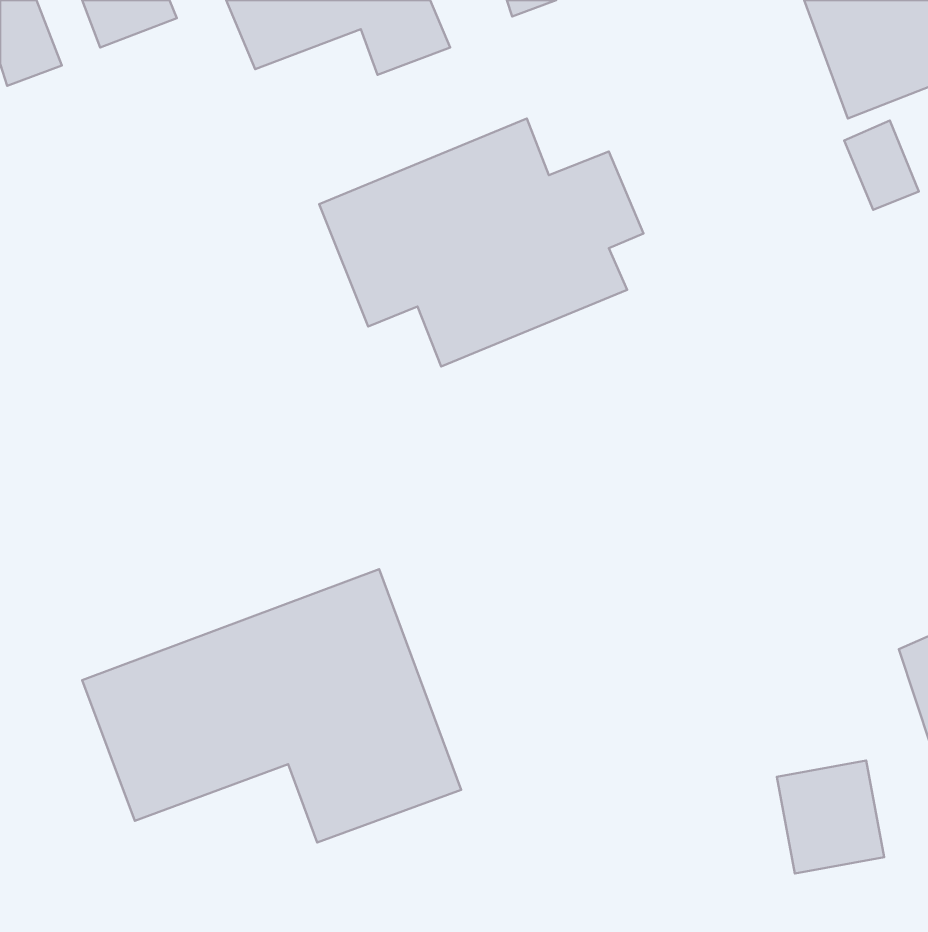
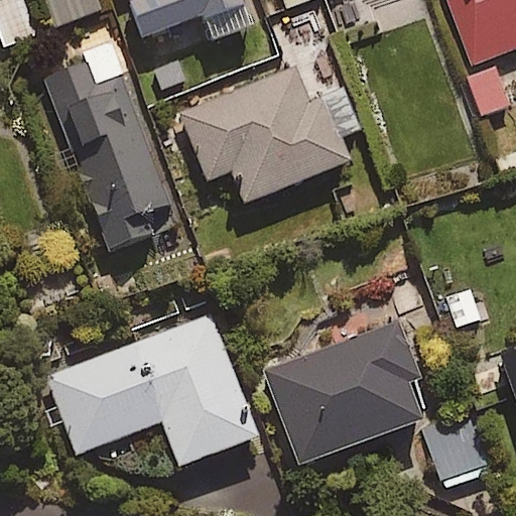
building: none -> [46,50,176,251]
building: none -> [261,322,420,465]

